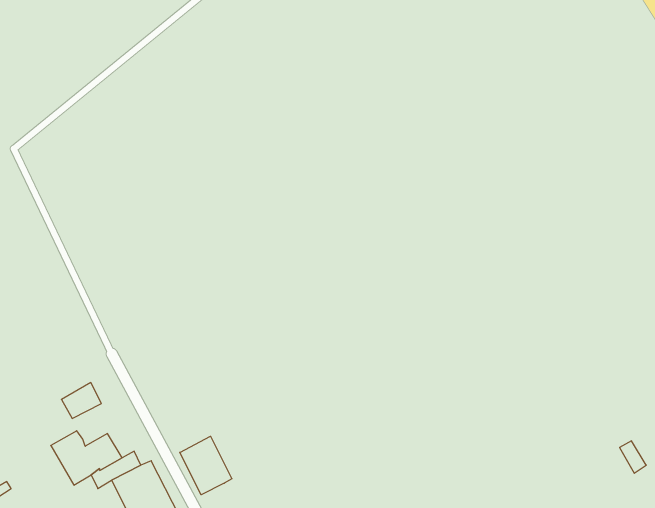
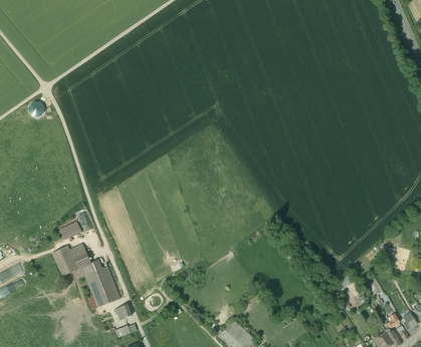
building: [180,436,232,495] -> none

